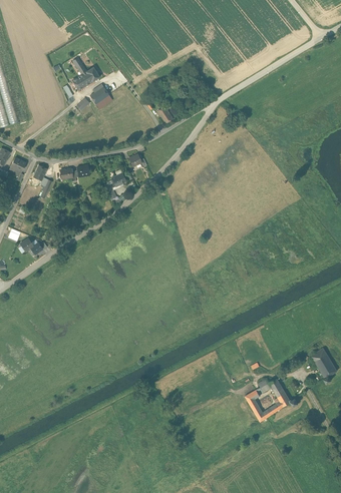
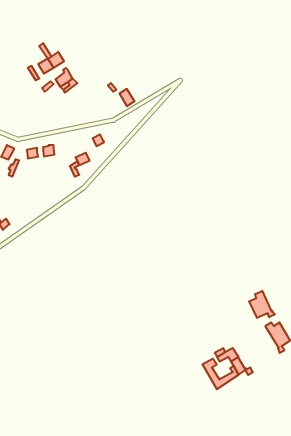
building: none -> [249,291,275,318]

